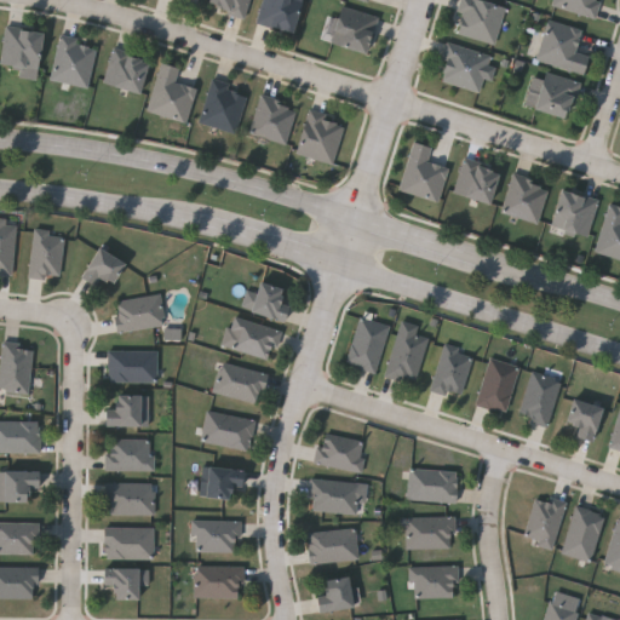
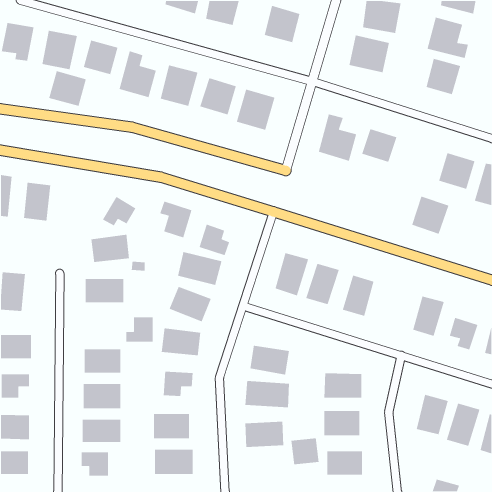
building: none -> [48,70,87,107]
building: [503,174,551,224] -> [411,195,450,235]
building: [79,247,122,286] -> [102,196,136,227]
building: none -> [159,200,192,238]
building: [473,357,519,413] -> none
building: [104,394,139,426] -> [126,317,153,343]
building: [315,576,351,612] -> [290,437,319,465]

